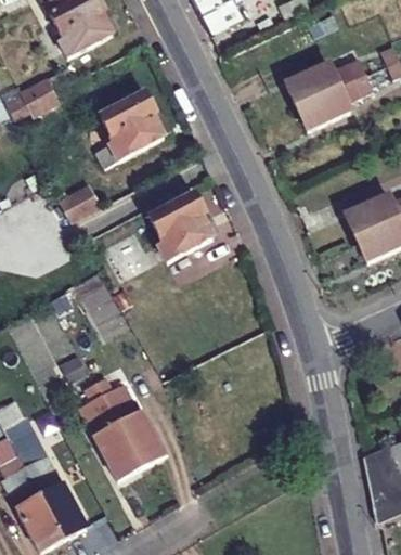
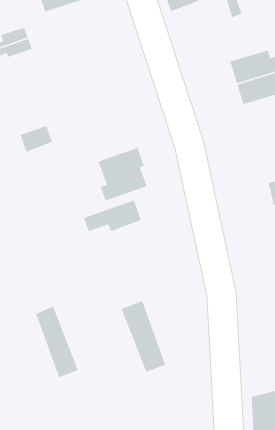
building: [99,93,159,158] -> none
building: none -> [83,199,142,232]
building: [82,398,143,479] -> [121,300,166,373]

